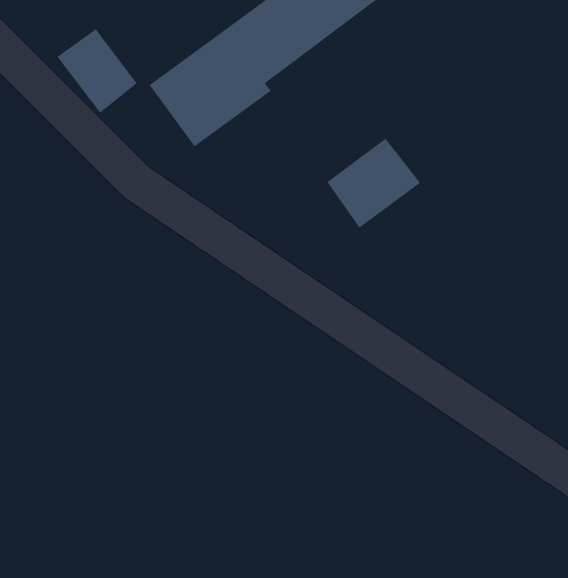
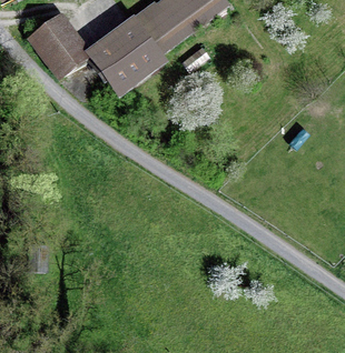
building: [326,138,421,228] -> none

